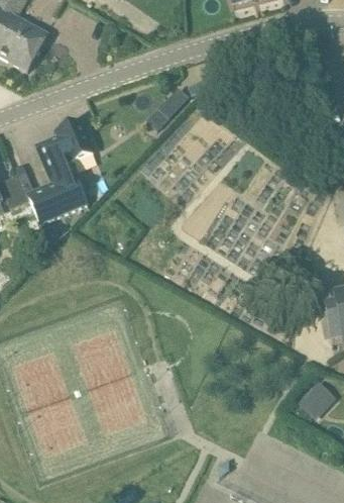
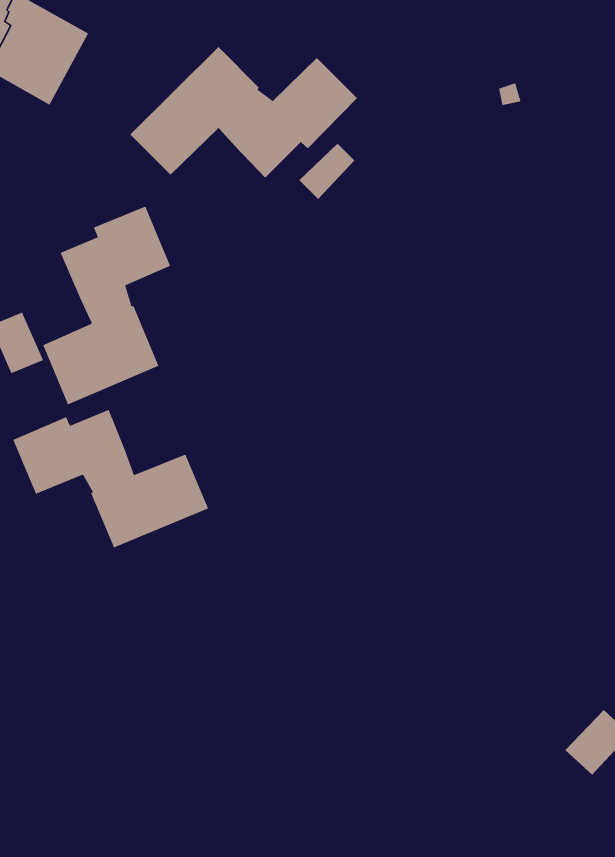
building: none -> [130,46,358,178]
building: none -> [12,409,209,548]

